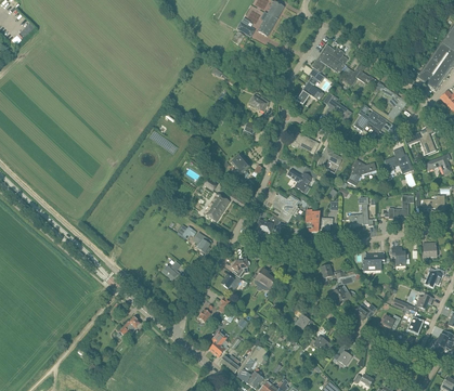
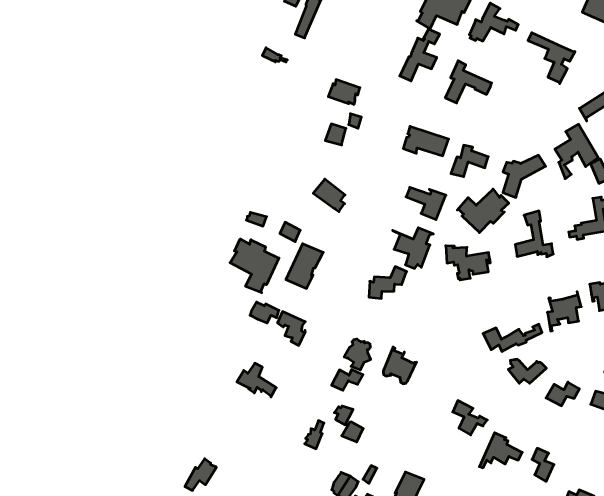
building: [354,103,387,131] -> none
building: none -> [457,189,509,233]
building: none -> [230,239,279,293]

